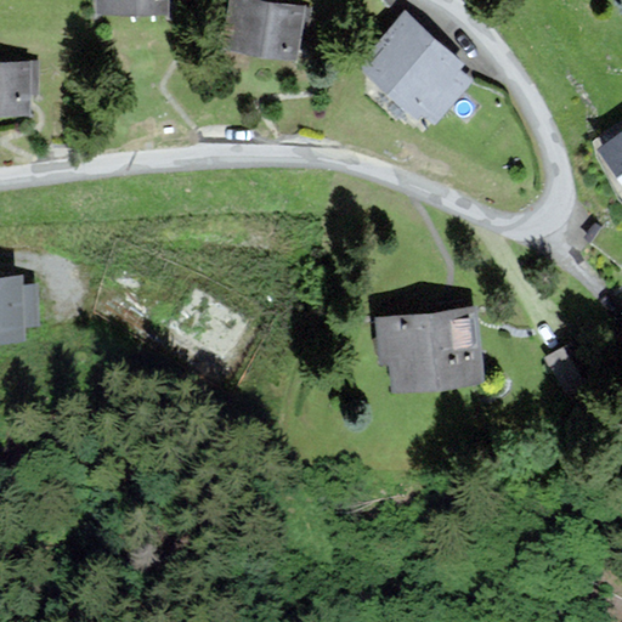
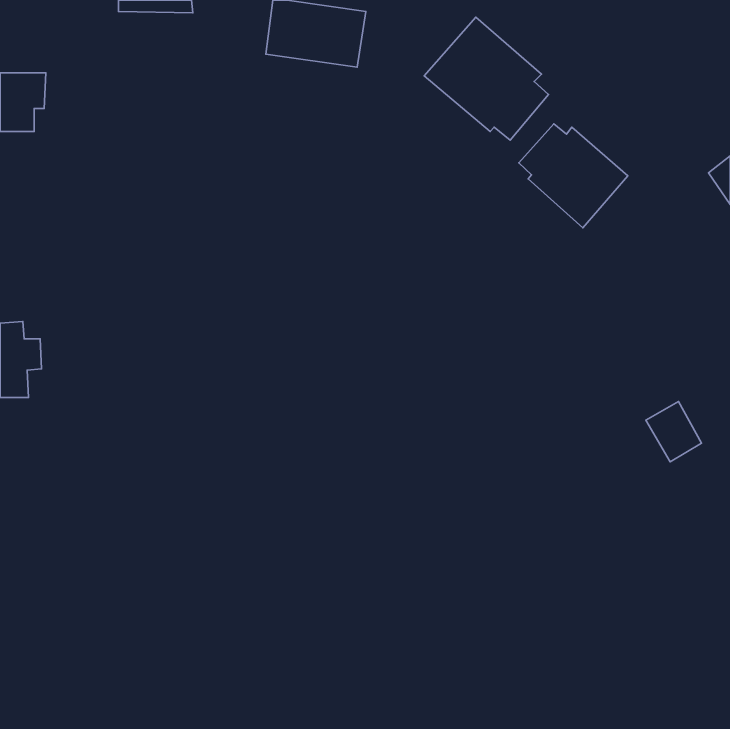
building: none -> [519,124,628,228]
building: [379,310,480,388] -> none

